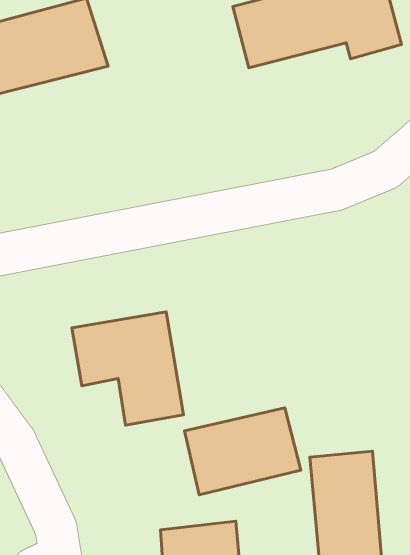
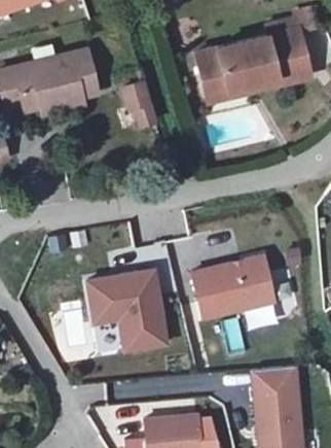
building: none -> [118,73,152,123]
building: [185,408,301,495] -> [196,256,279,318]

